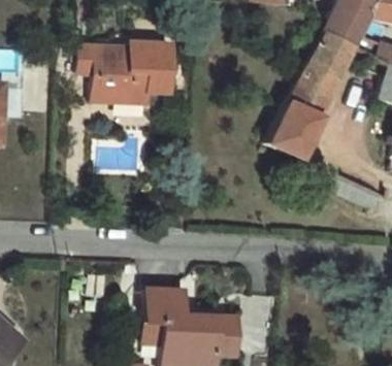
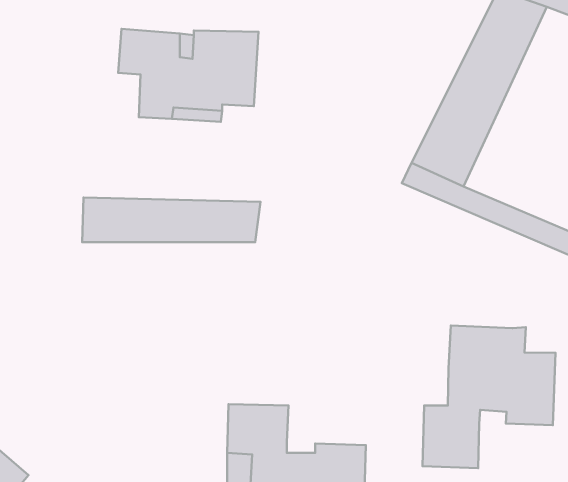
building: none -> [82,198,261,242]
building: none -> [422,326,555,468]

